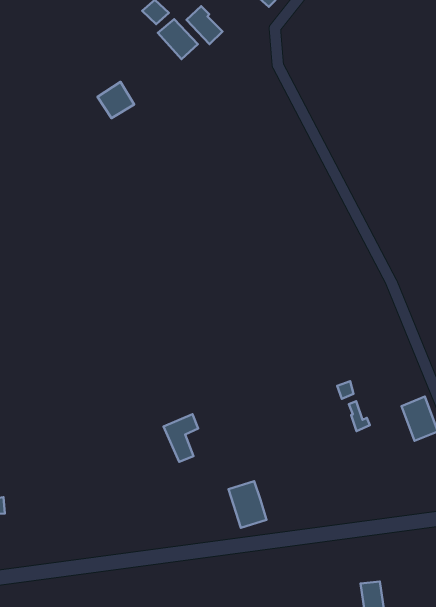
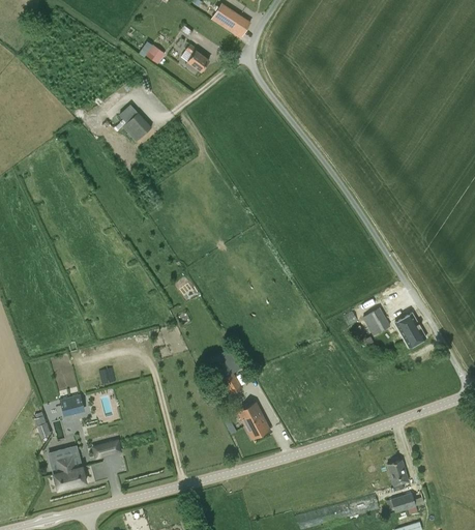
building: [158,19,198,59] -> none
building: none -> [362,306,390,334]
building: [228,481,267,528] -> [237,401,270,438]

